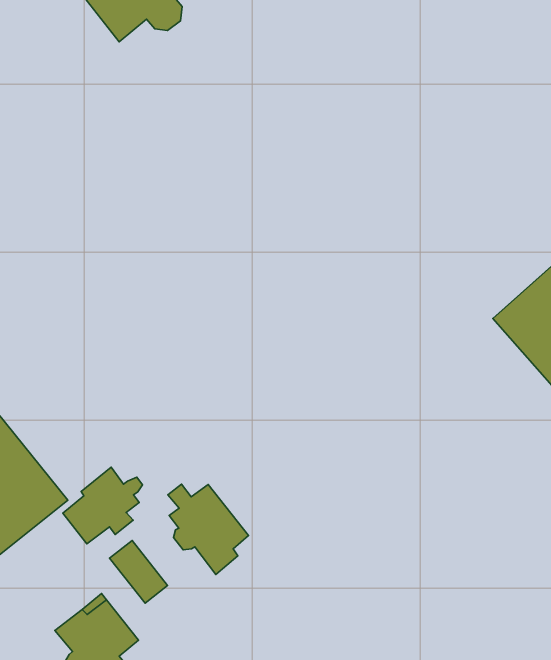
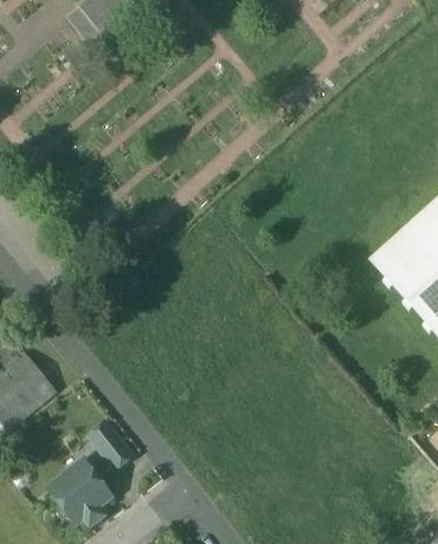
building: [63,467,143,544] -> none
building: [168,484,248,574] -> none

